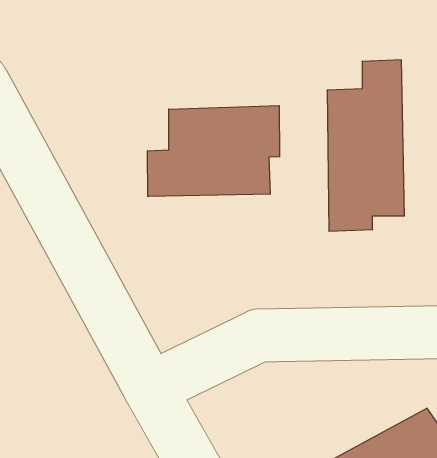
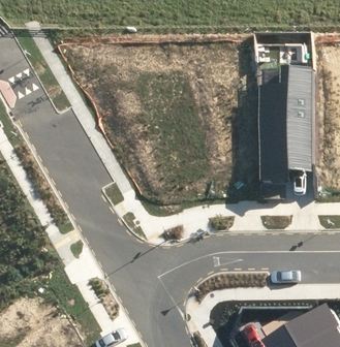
building: [148,106,280,197] -> none

